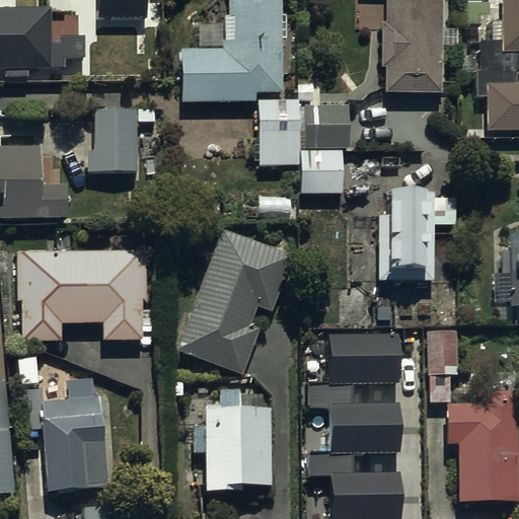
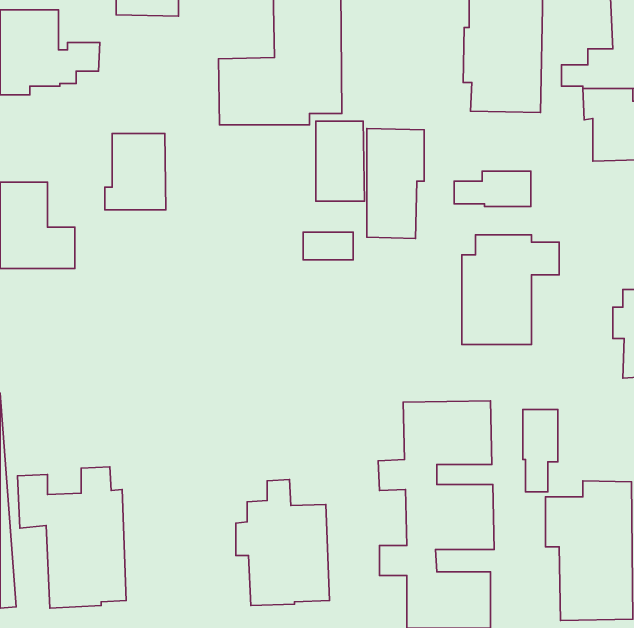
building: none -> [454,171,531,206]
building: [175,227,294,374] -> none
building: [16,249,146,340] -> none

